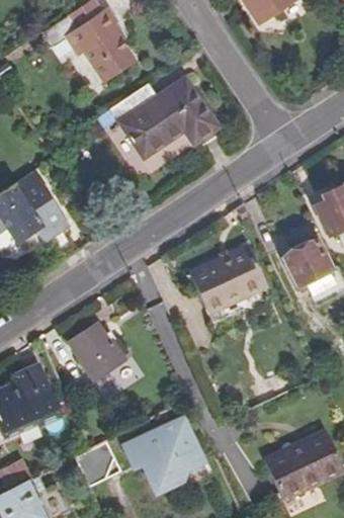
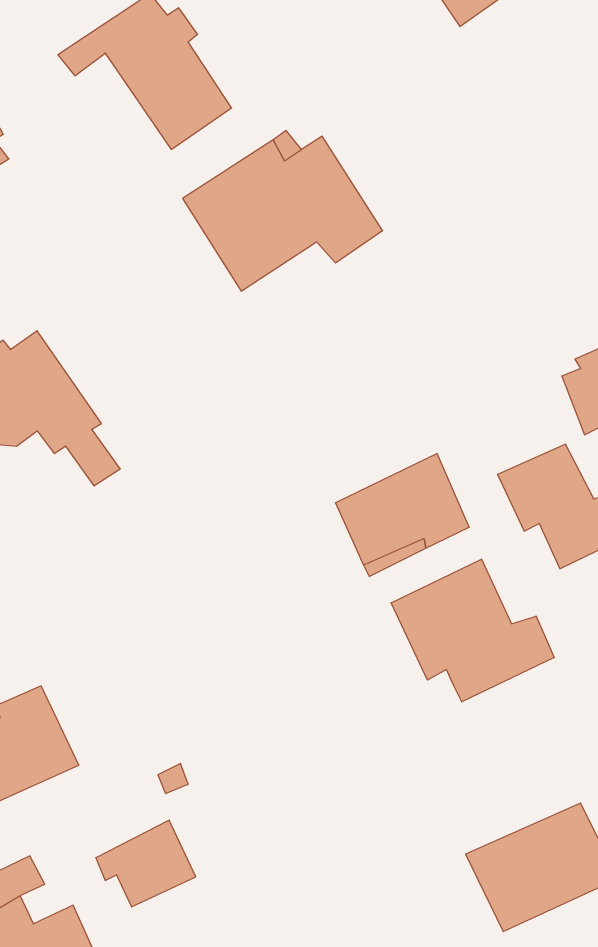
building: none -> [391,559,554,702]
building: [68,322,123,382] -> none
building: [126,419,202,491] -> none

